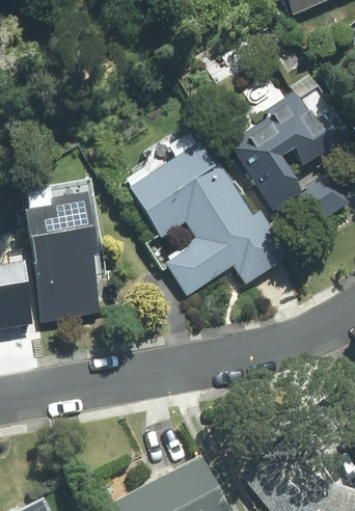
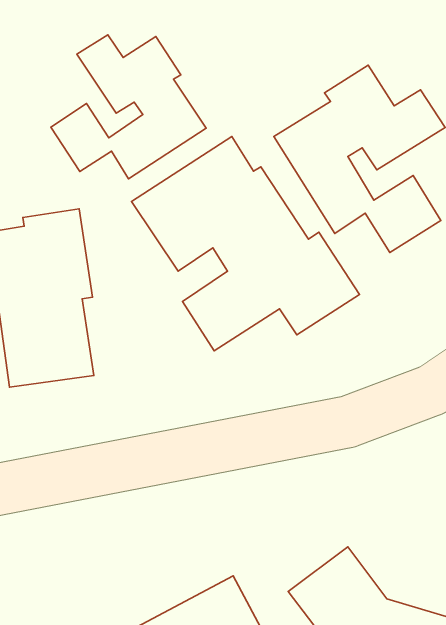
building: none -> [51,35,206,179]

